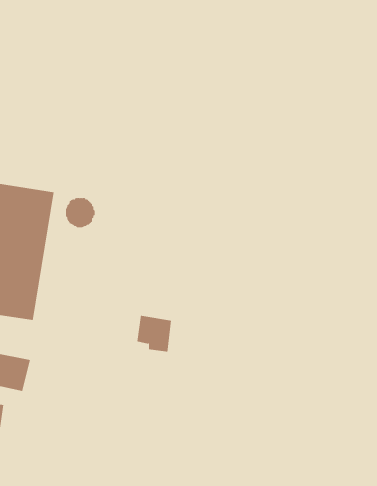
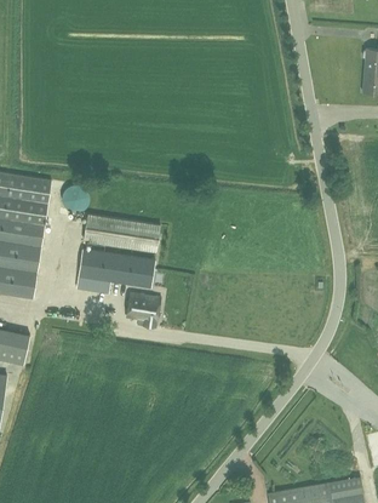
building: none -> [84,215,161,253]
building: none -> [78,250,155,288]

